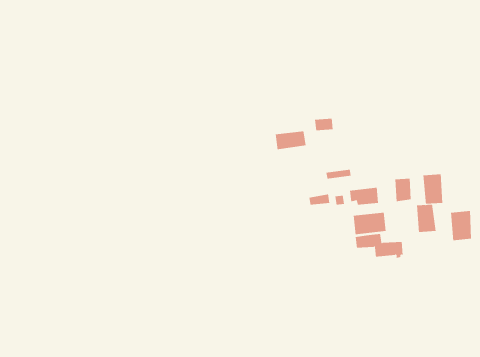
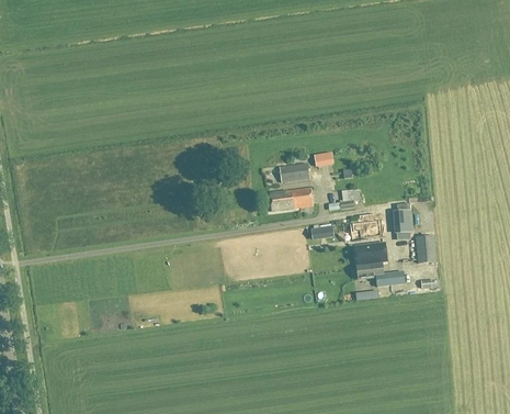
building: none -> [268,188,311,211]
building: [423,174,443,205] -> none
building: [451,210,472,241] -> none

